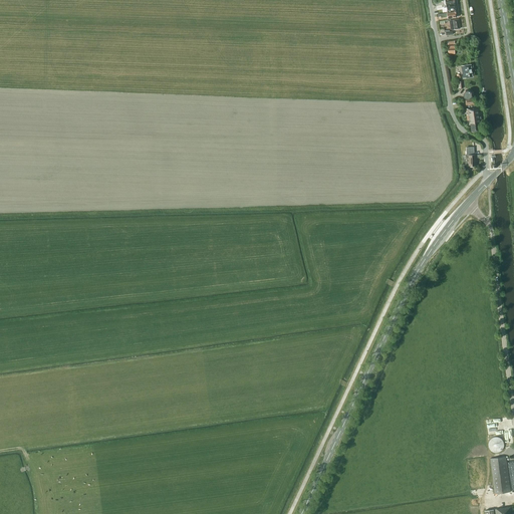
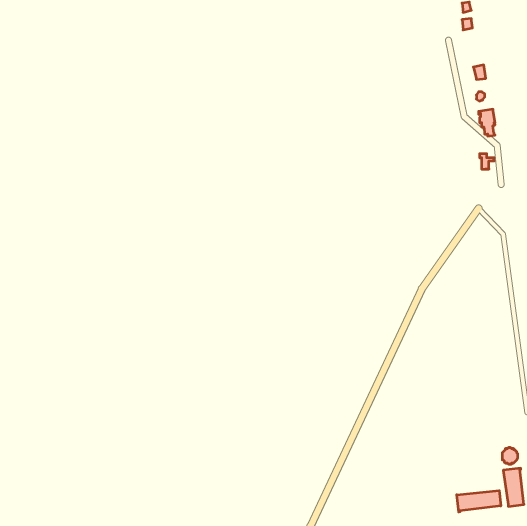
building: none -> [457,491,501,512]

